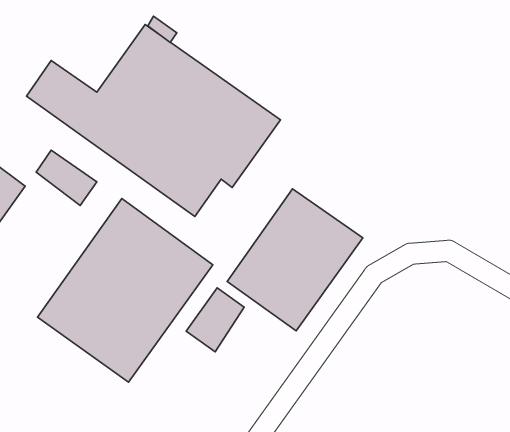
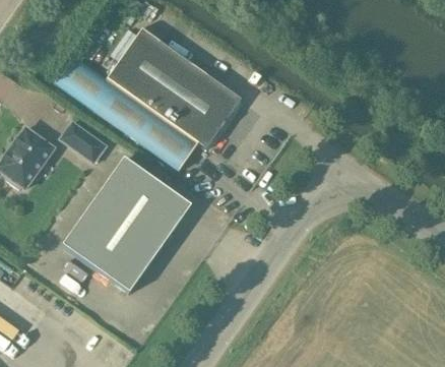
building: [227,189,363,331] -> none
building: [186,288,244,352] -> none

